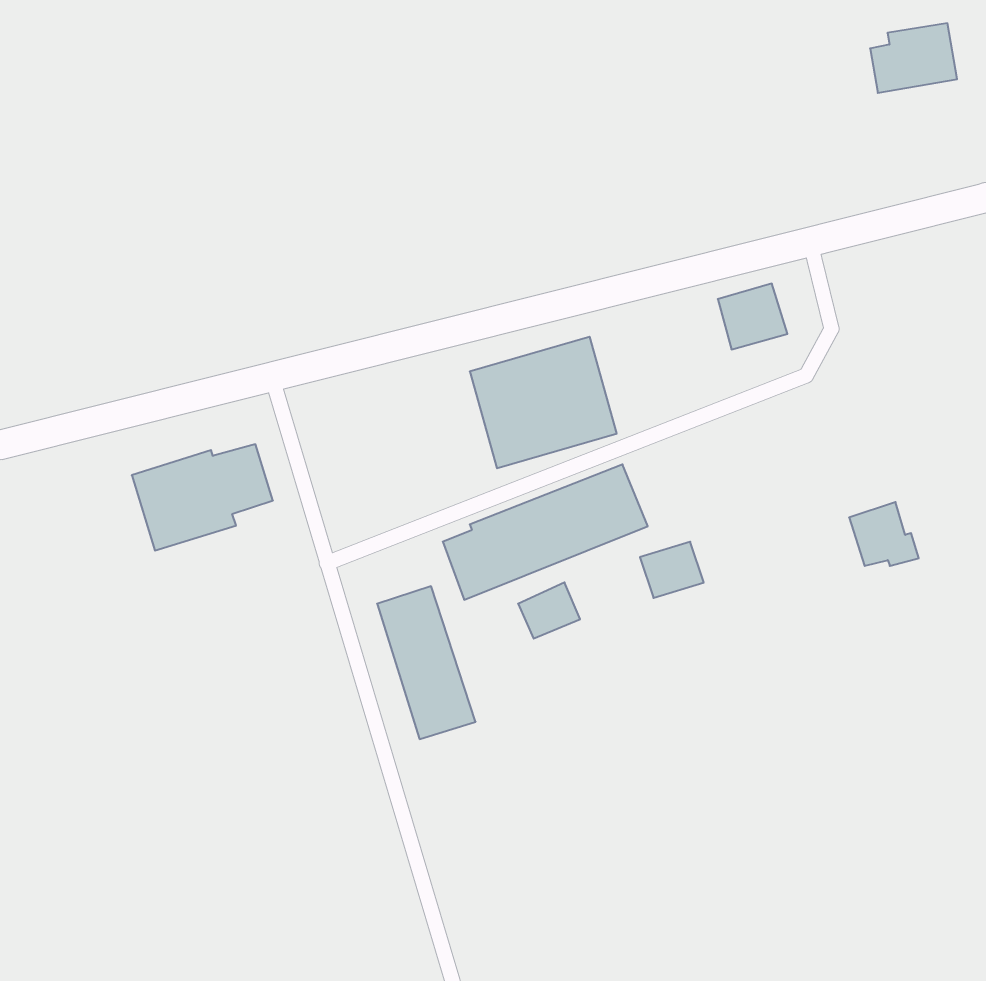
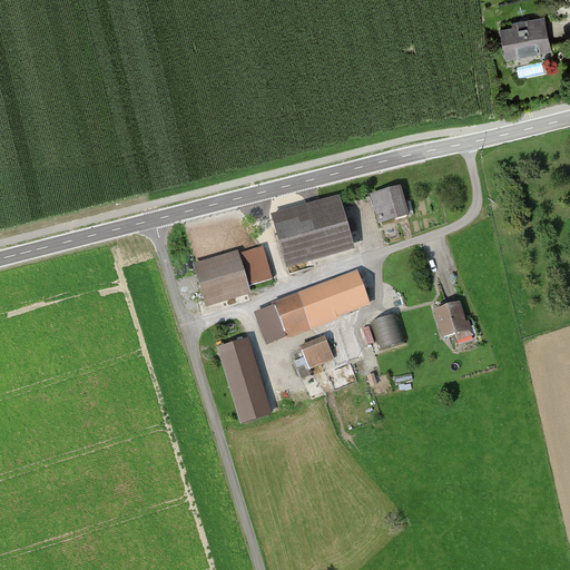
building: [718,284,787,349] -> [368,185,409,223]
building: [132,444,273,551] -> [191,245,273,306]
building: [849,502,919,566] -> [433,301,473,337]

